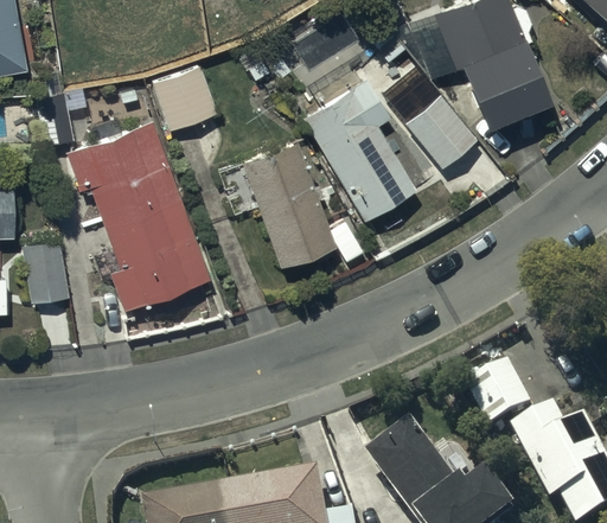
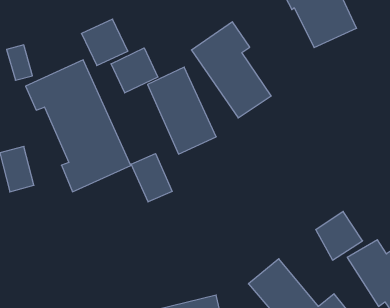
building: [379,63,477,167] -> none
building: none -> [111,48,158,93]
building: none -> [131,154,172,202]

